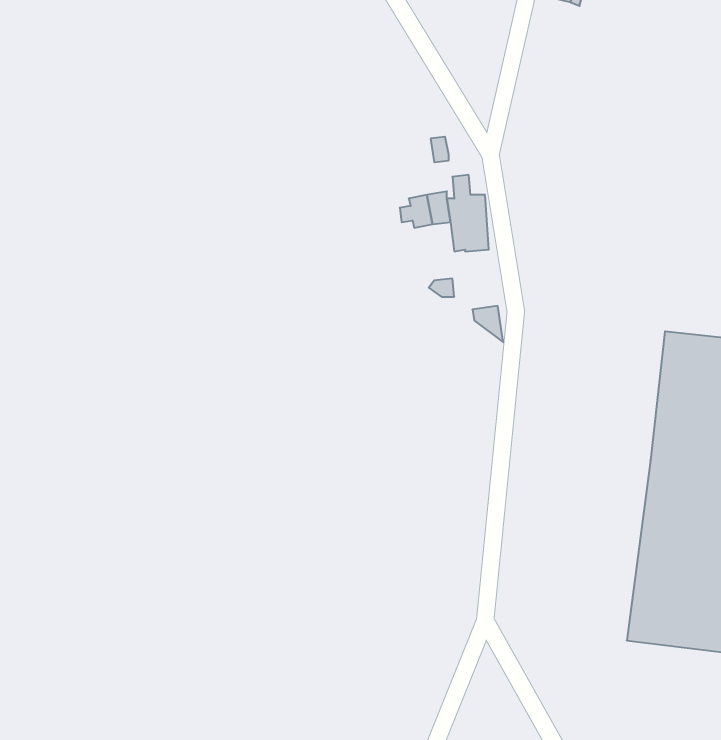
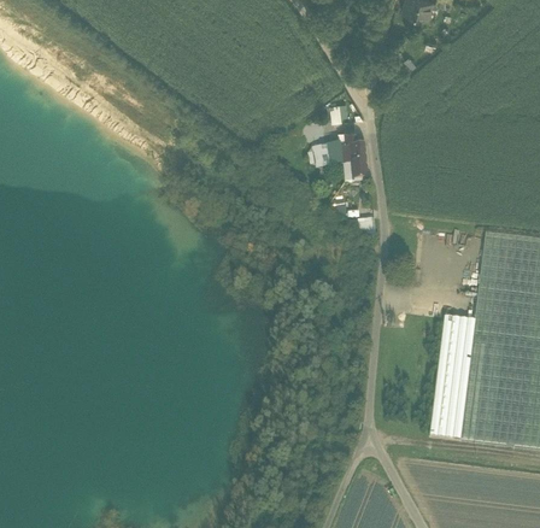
building: none -> [430,313,476,436]

